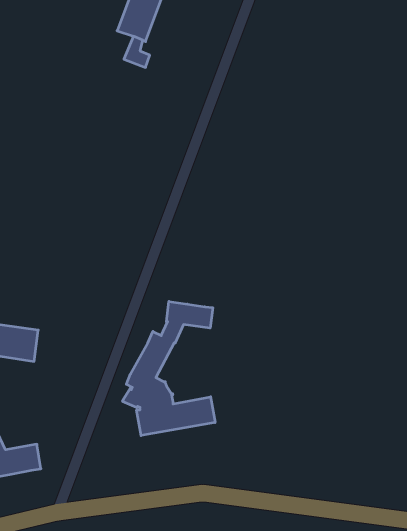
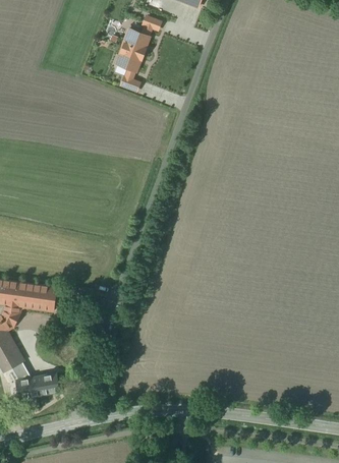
building: [123,301,215,436] -> none

